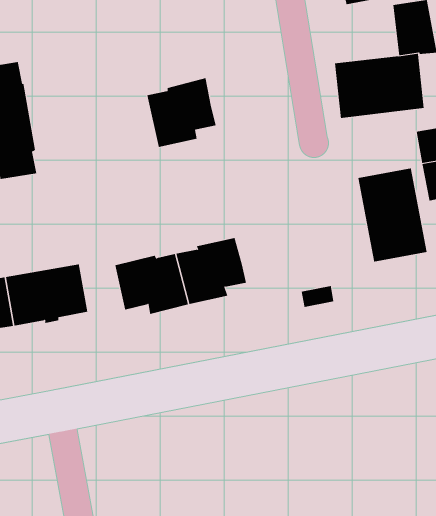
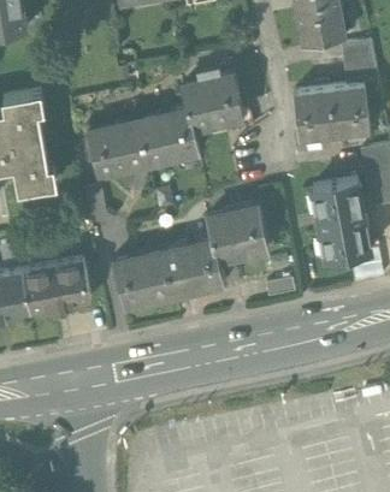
building: none -> [184,73,242,131]
building: none -> [87,121,148,172]
building: none -> [208,204,267,261]

